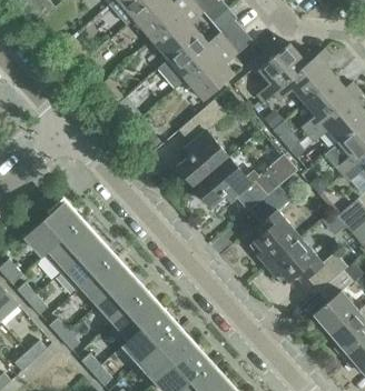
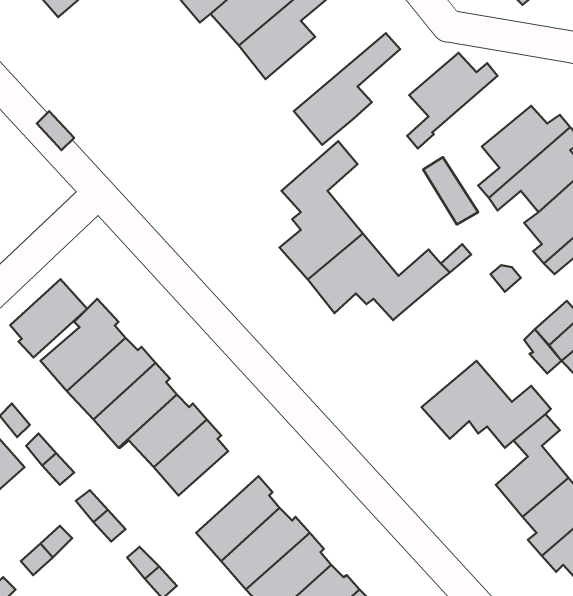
building: [158,20,244,89] -> none
building: [273,49,335,102] -> none
building: none -> [10,279,87,358]
building: [249,186,300,265] -> none
building: [114,293,164,344] -> none

